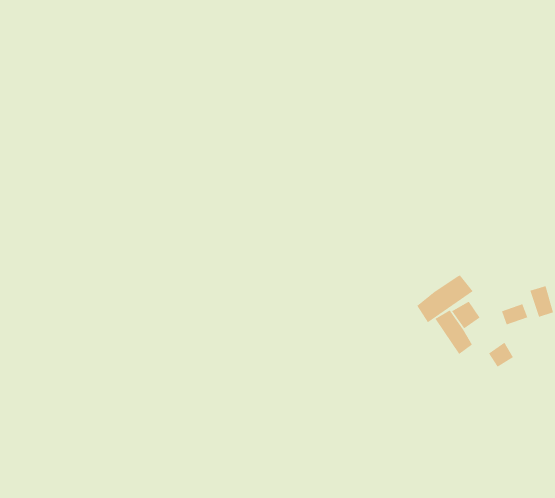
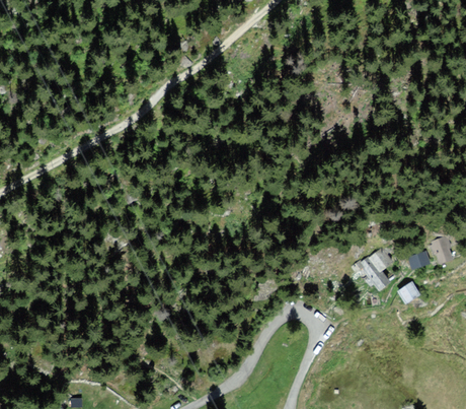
building: [416,275,474,323] -> none

